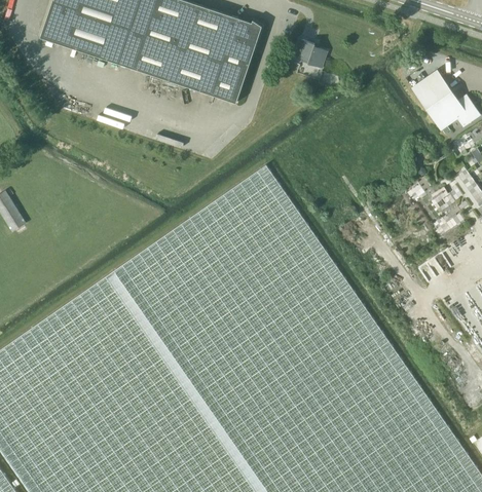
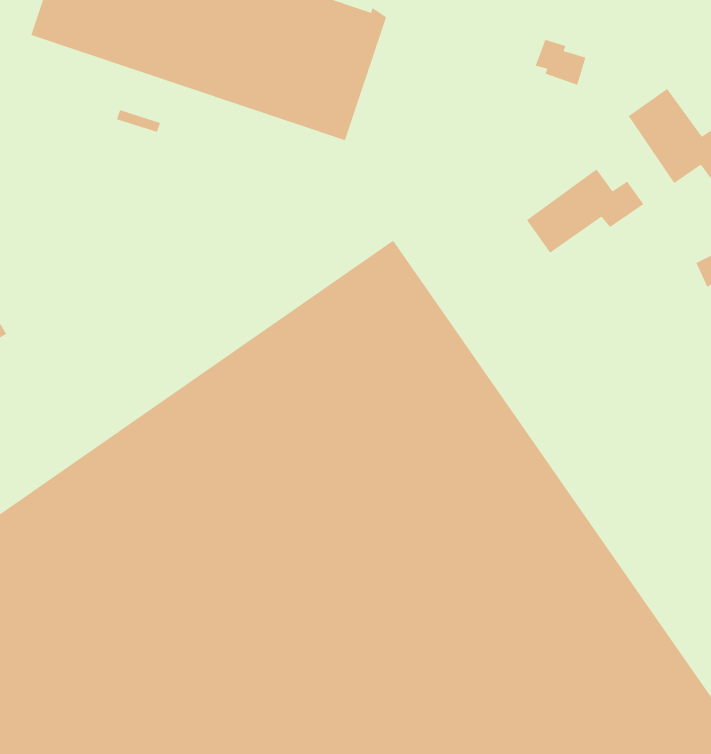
building: [295,40,327,69] -> [535,39,586,85]
building: none -> [526,168,644,253]

